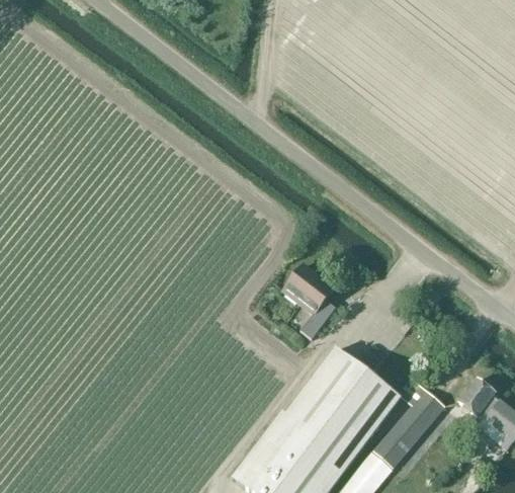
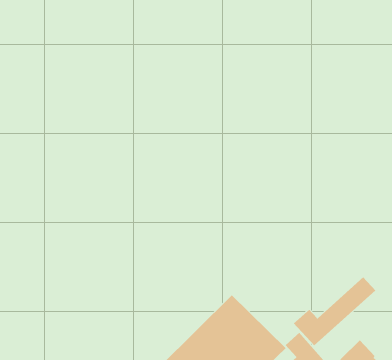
building: [281,264,333,339] -> none
building: none -> [293,277,376,346]

